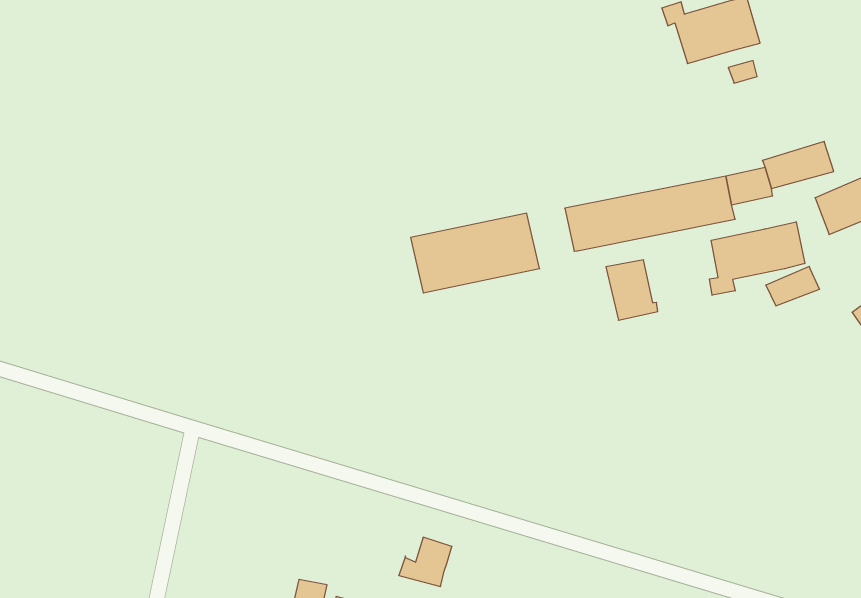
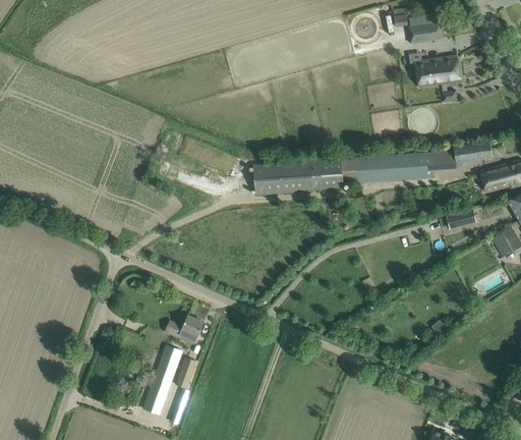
building: [710,222,805,295] -> none
building: [606,260,658,320] -> [320,159,345,190]
building: [399,537,452,587] -> [172,315,204,343]

